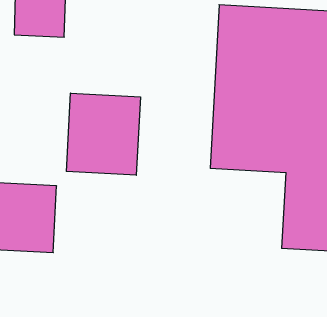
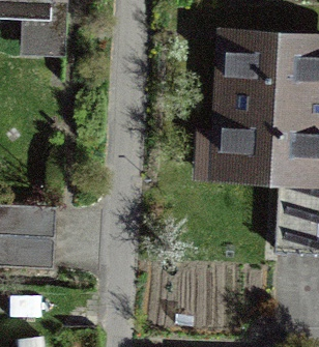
building: [66,93,140,175] -> none

